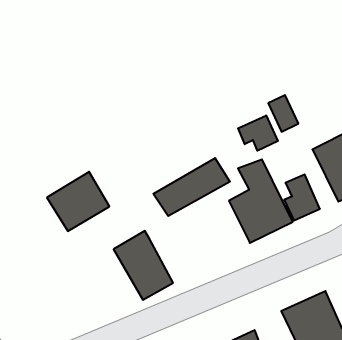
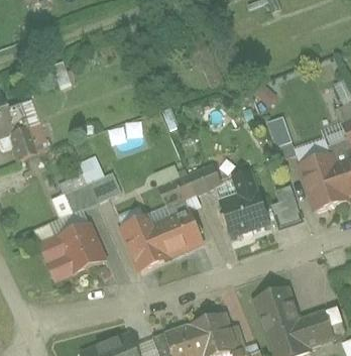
building: [238,115,278,151] -> none
building: none -> [149,206,205,261]
building: none -> [39,222,107,282]

